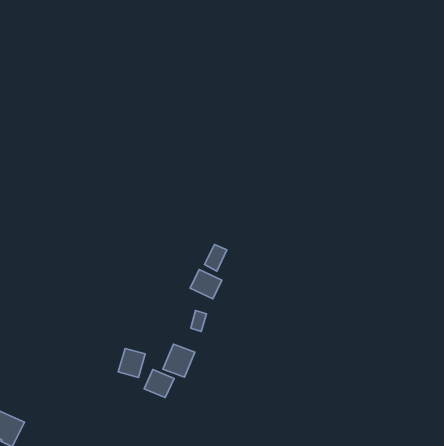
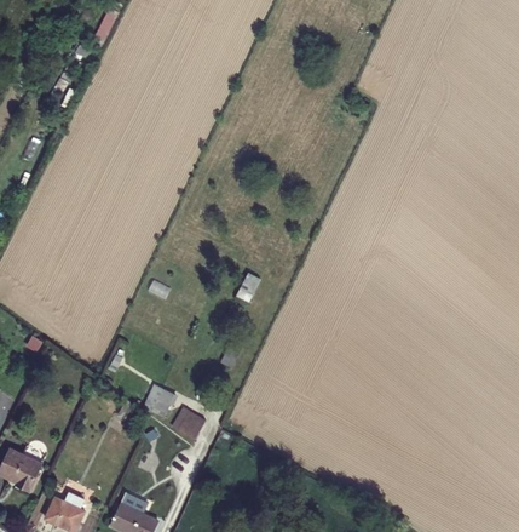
building: [190,270,222,299] -> none
building: [163,344,195,377] -> none

